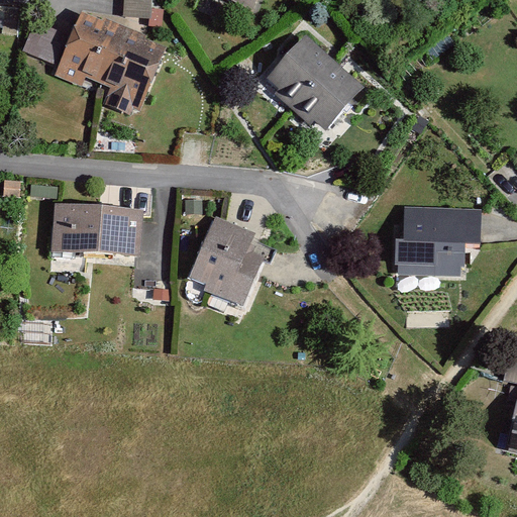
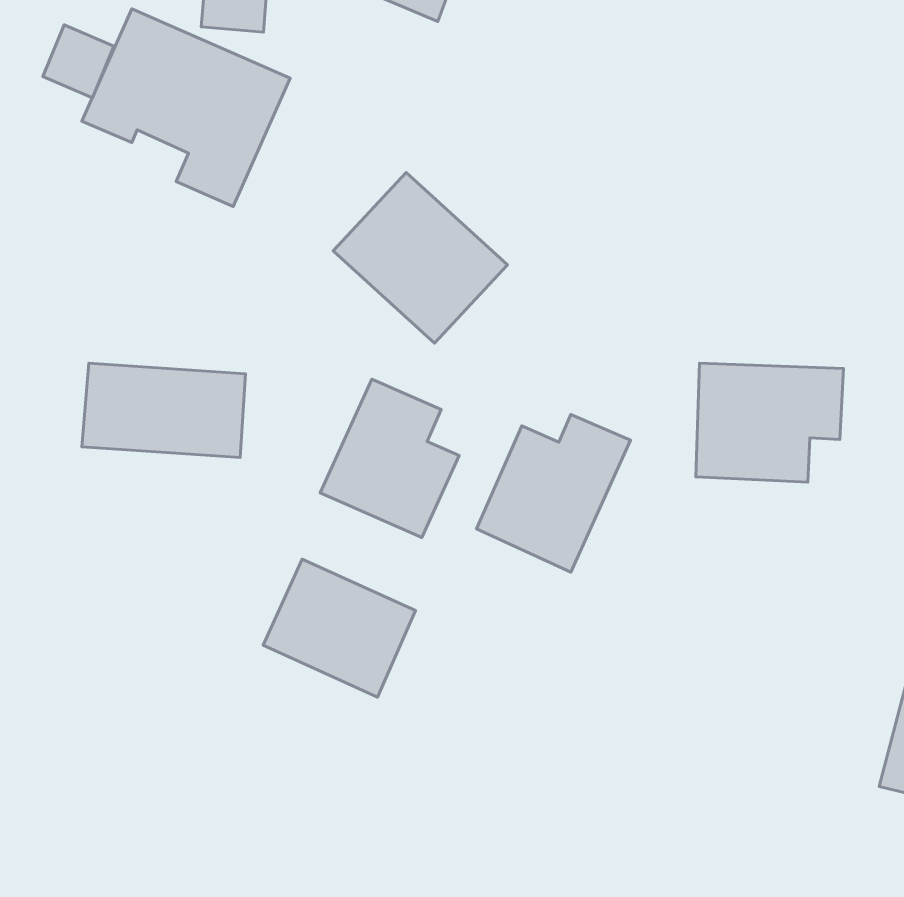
building: [265,34,364,131] -> [333,172,507,343]
building: none -> [476,414,630,572]
building: none -> [263,559,415,697]

